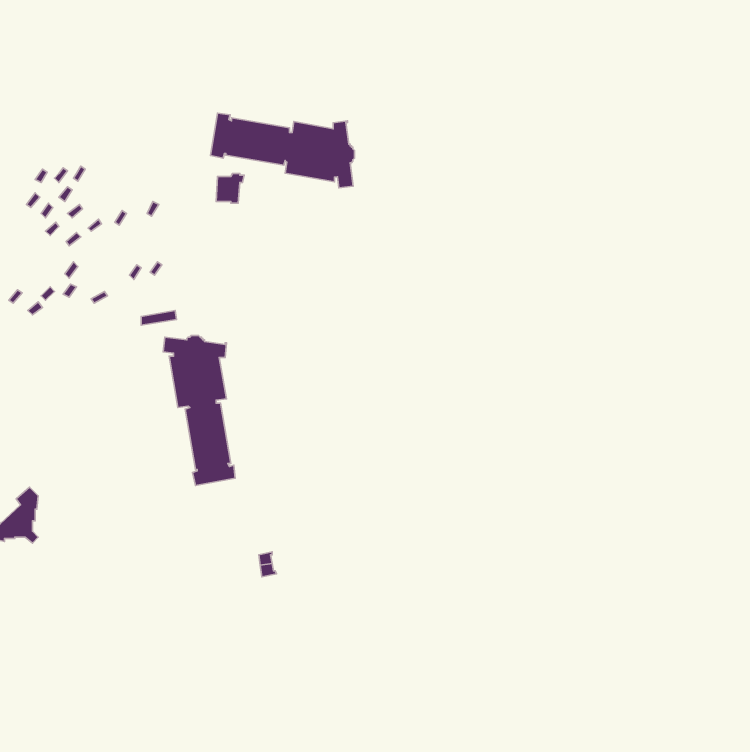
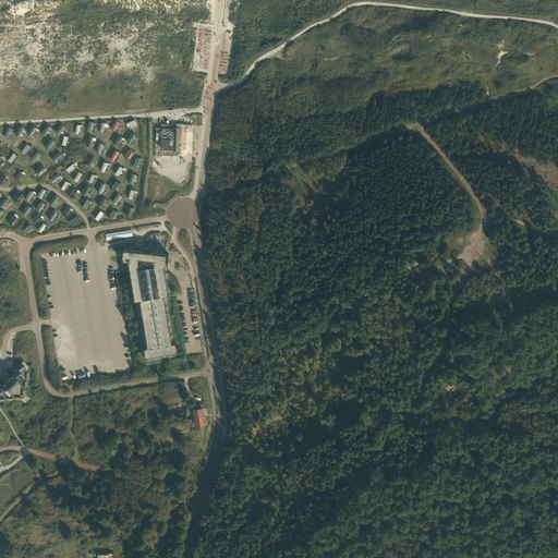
building: [210,113,354,188] -> none

